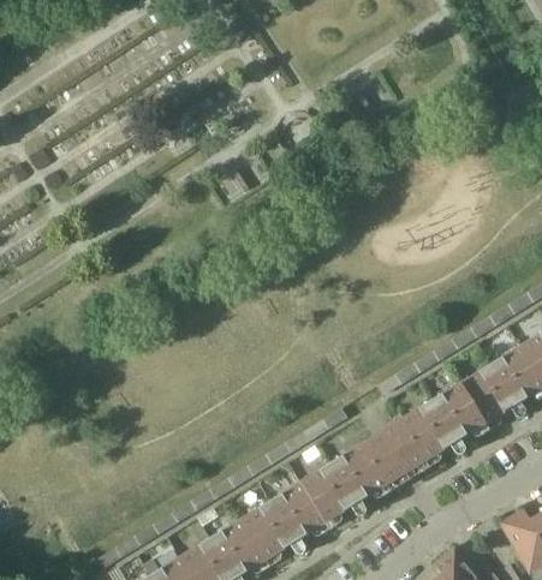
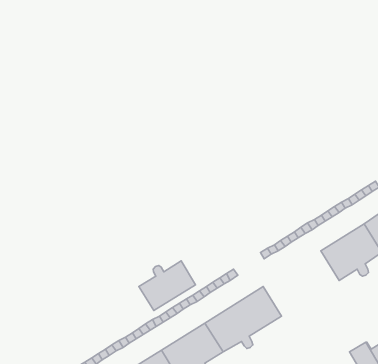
building: [381,383,486,473] -> none
building: none -> [139,261,196,311]

